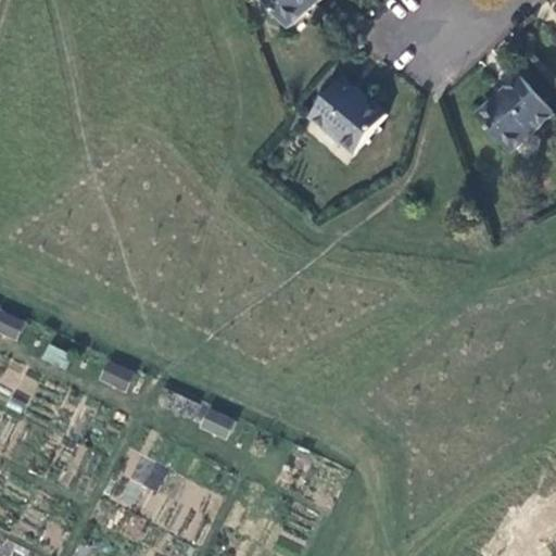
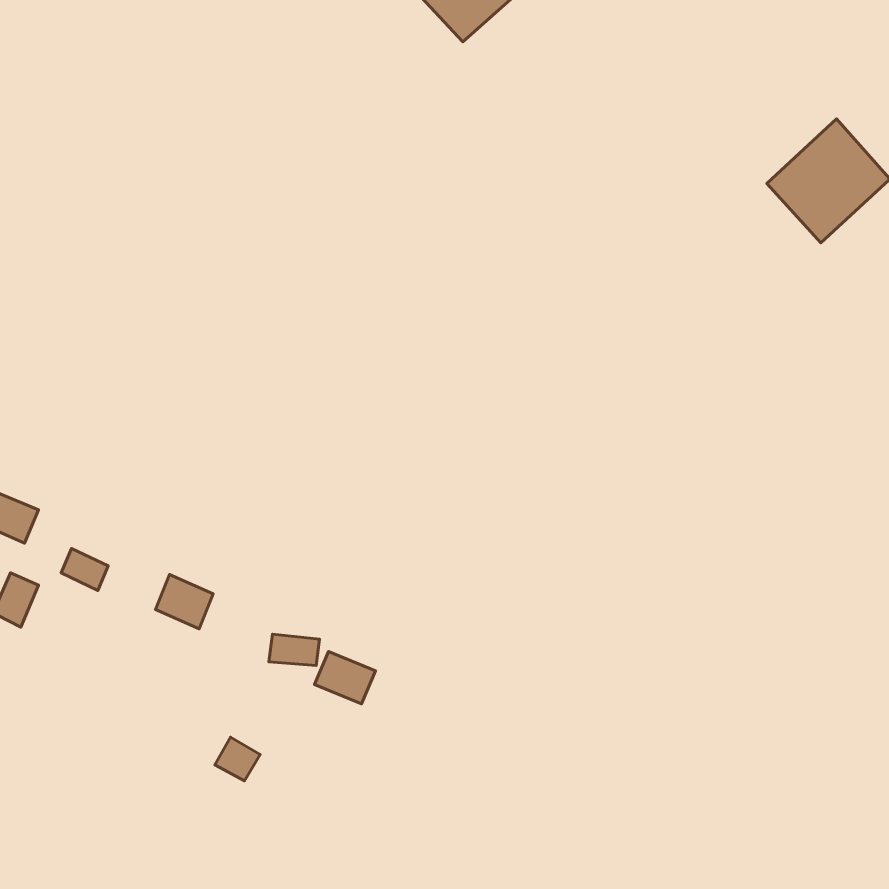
building: [311,77,388,153] -> none

